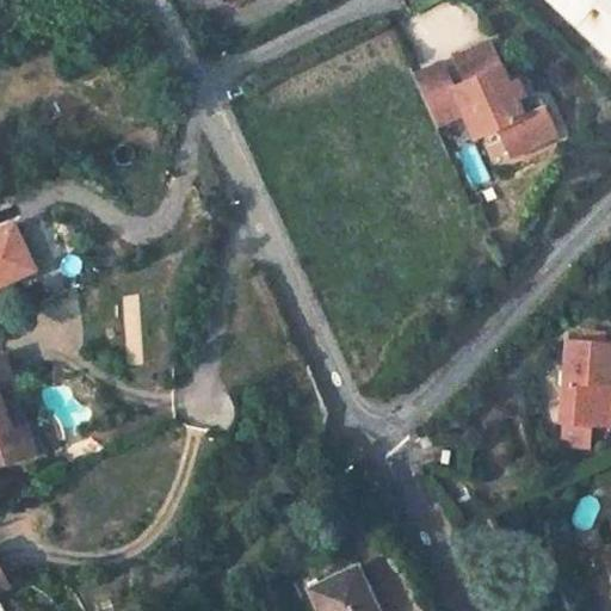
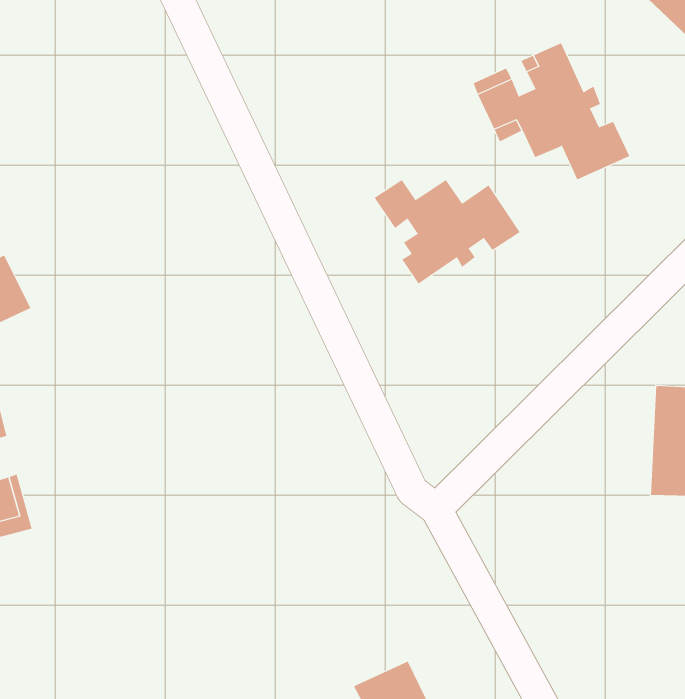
building: none -> [374,179,521,285]

